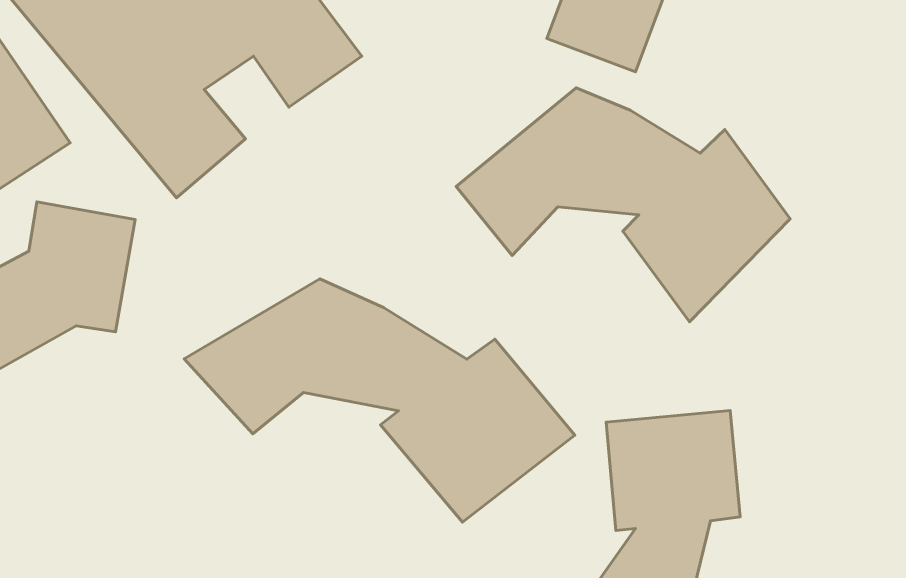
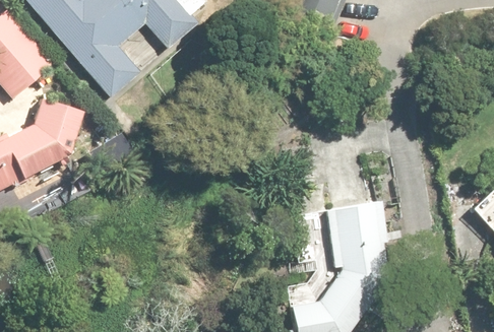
building: [456,88,790,322] -> none
building: [184,279,575,522] -> none

